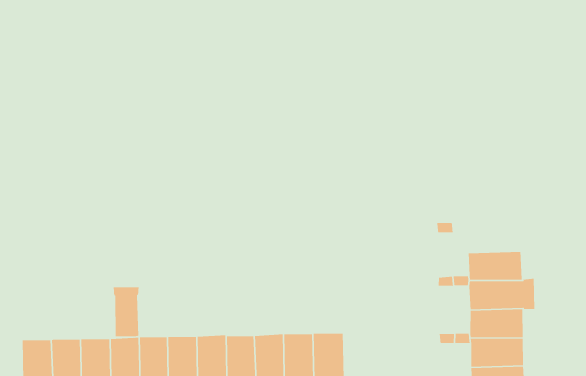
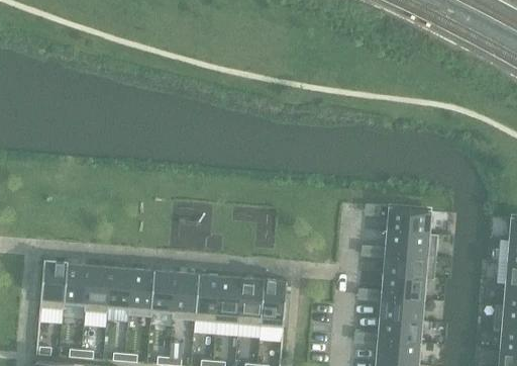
building: none -> [387,208,429,235]
building: [113,286,140,337] -> none

